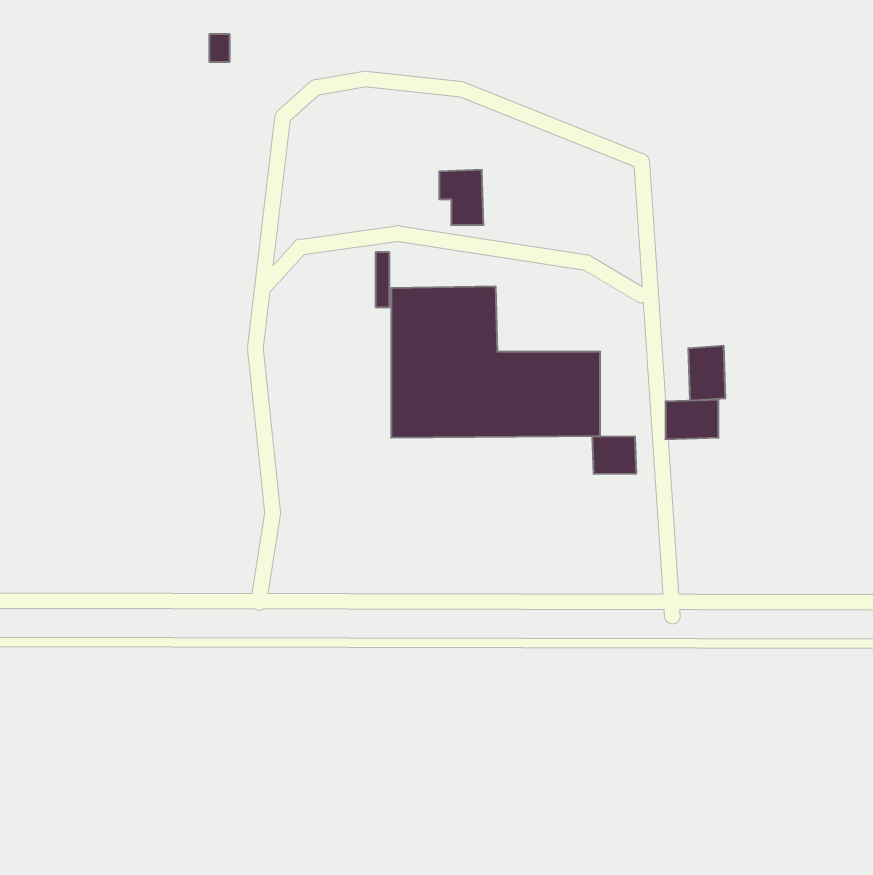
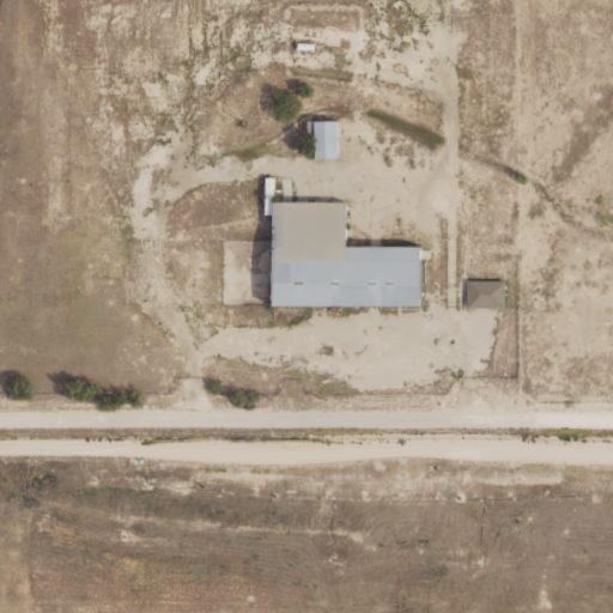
building: [688,346,725,401] -> none
building: [592,436,636,474] -> none

